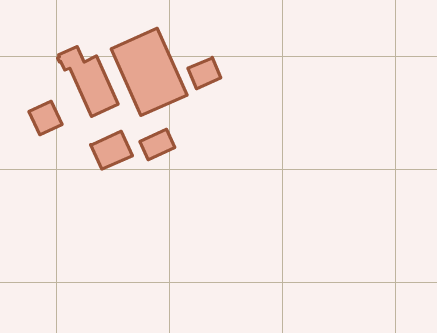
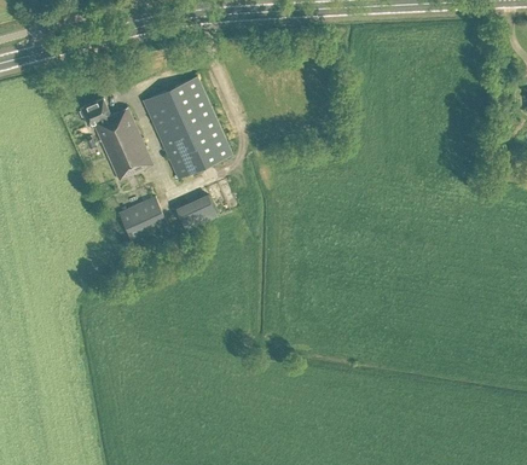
building: [188,57,221,89] -> none
building: [29,101,62,135] -> none

